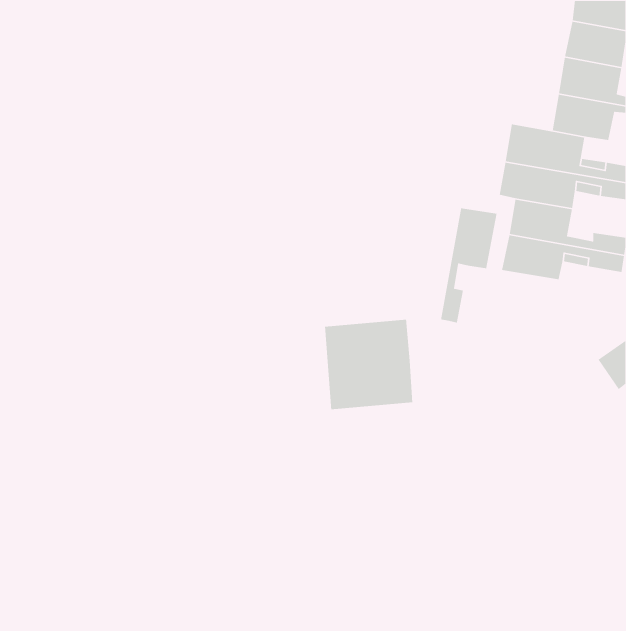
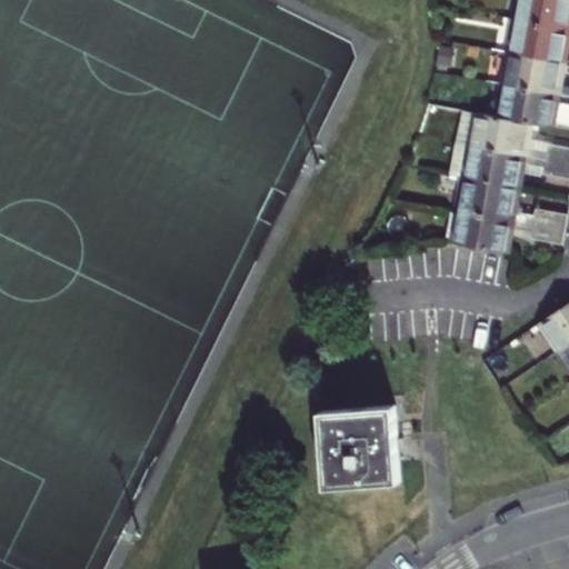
building: [440,207,498,324] -> none
building: [324,319,413,410] -> [318,406,398,488]

